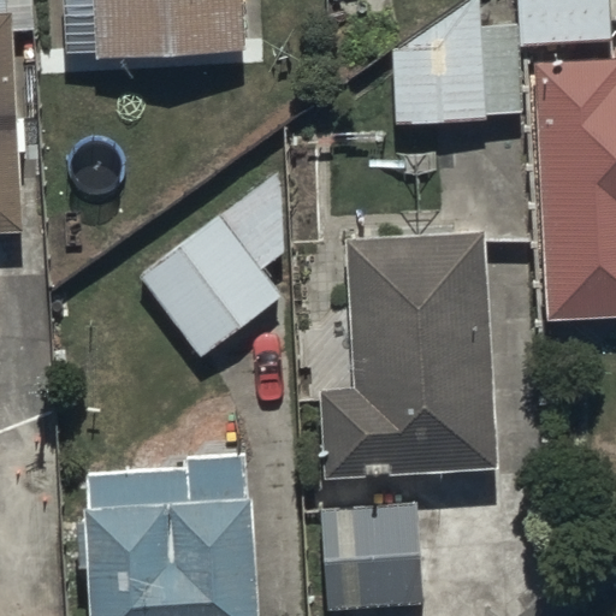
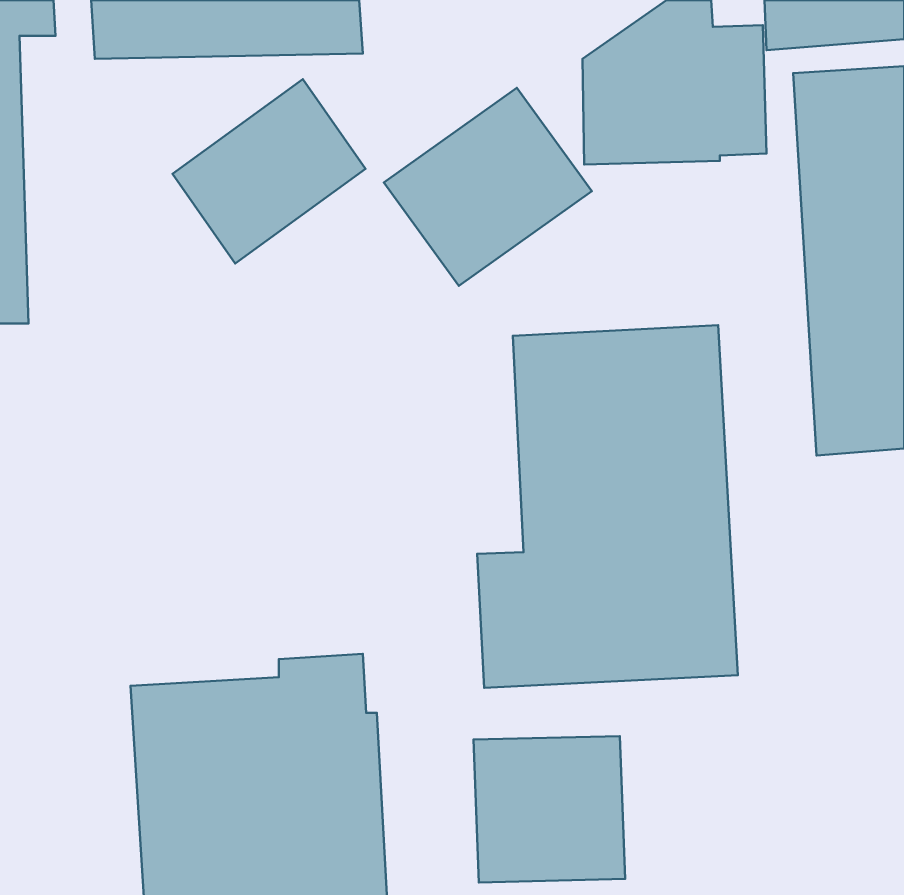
building: none -> [172,79,366,263]
building: none -> [384,88,592,286]
building: [135,176,282,361] -> none

